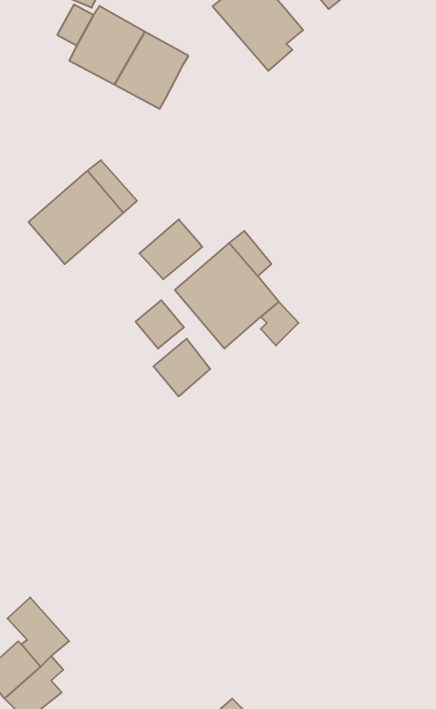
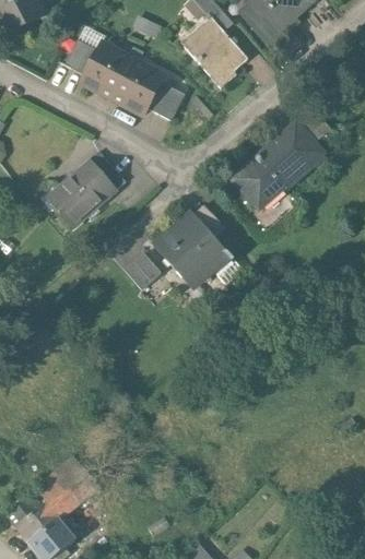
building: none -> [148,81,182,118]
building: none -> [226,118,328,217]
building: [139,219,202,279] -> none
building: [153,339,210,396] -> none

